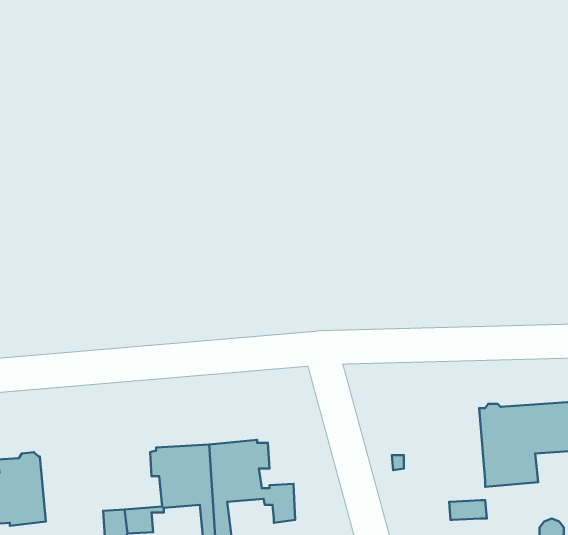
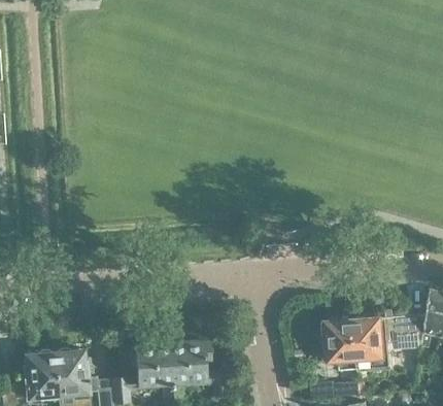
building: none -> [321,315,357,368]
building: none -> [54,346,89,395]

